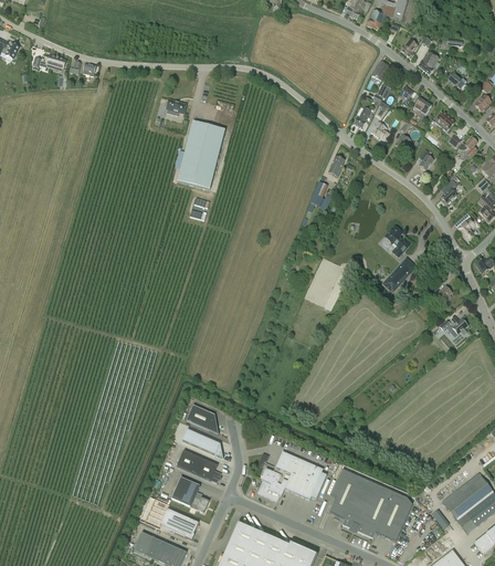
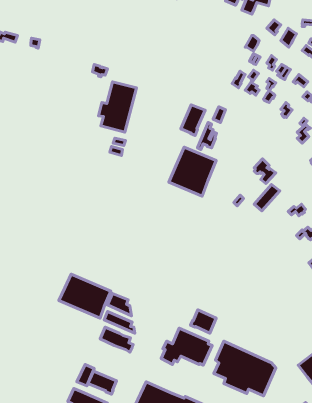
building: none -> [181,105,205,136]
building: none -> [169,147,216,196]
building: none -> [59,274,111,318]
building: none -> [190,310,216,333]
building: [171,475,209,511] -> none

